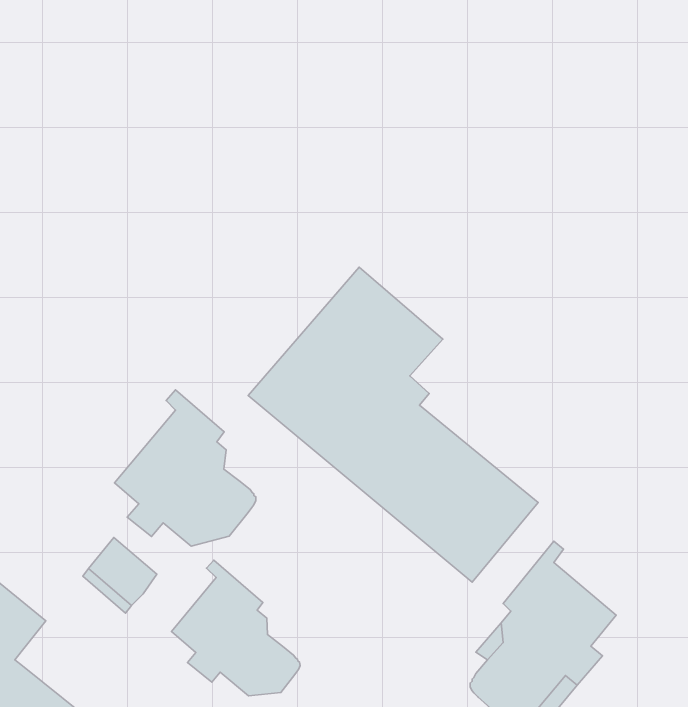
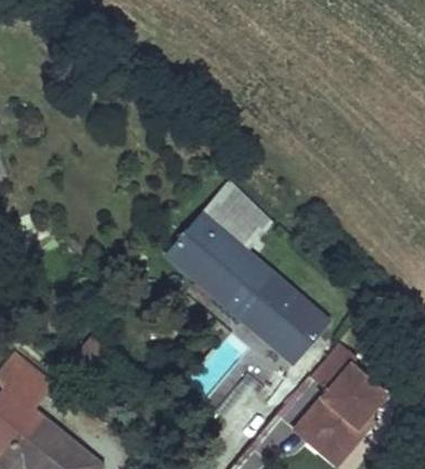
building: [114,390,256,546] -> none
building: [171,560,300,696] -> none

